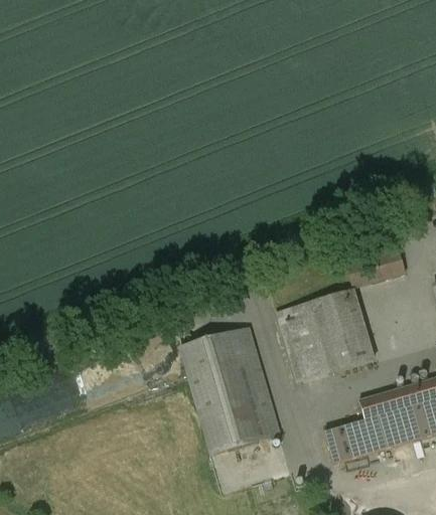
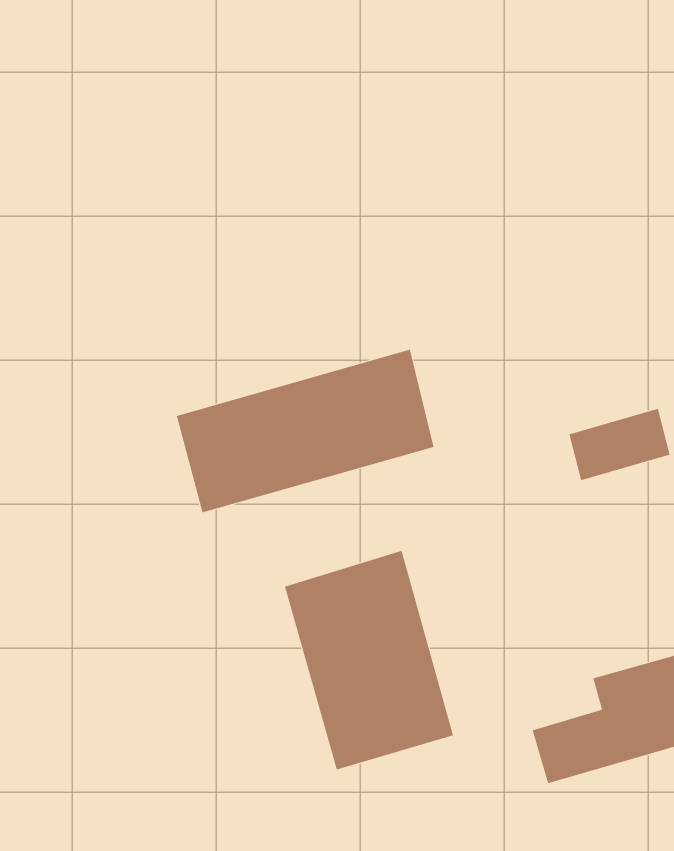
building: none -> [176,349,434,513]
building: [277,289,375,381] -> none

